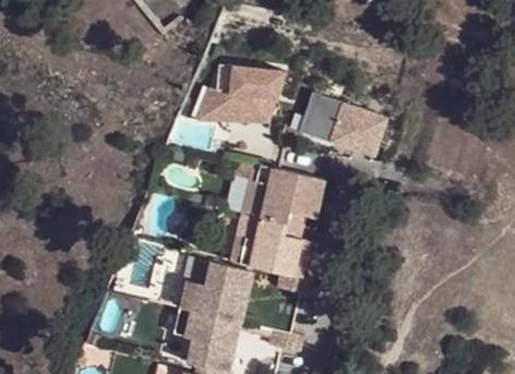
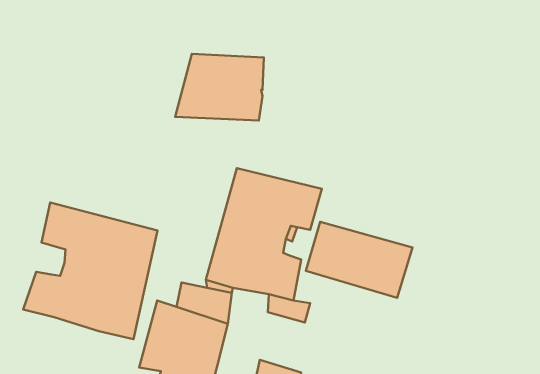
building: [297,94,387,158] -> [306,222,413,298]
building: none -> [23,203,158,339]

